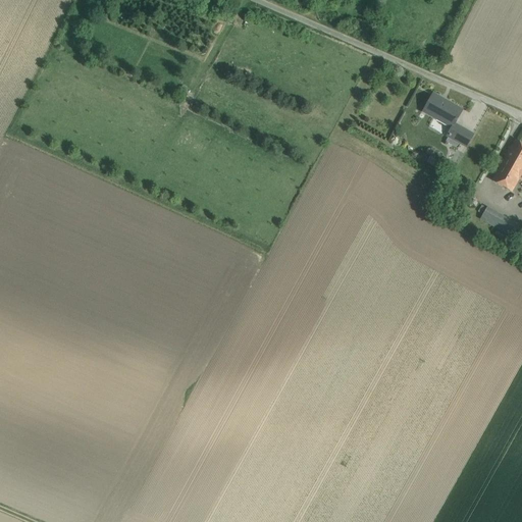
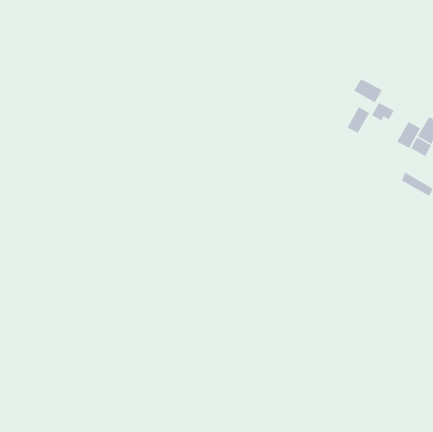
building: none -> [347,106,370,134]
building: none -> [396,121,421,149]

